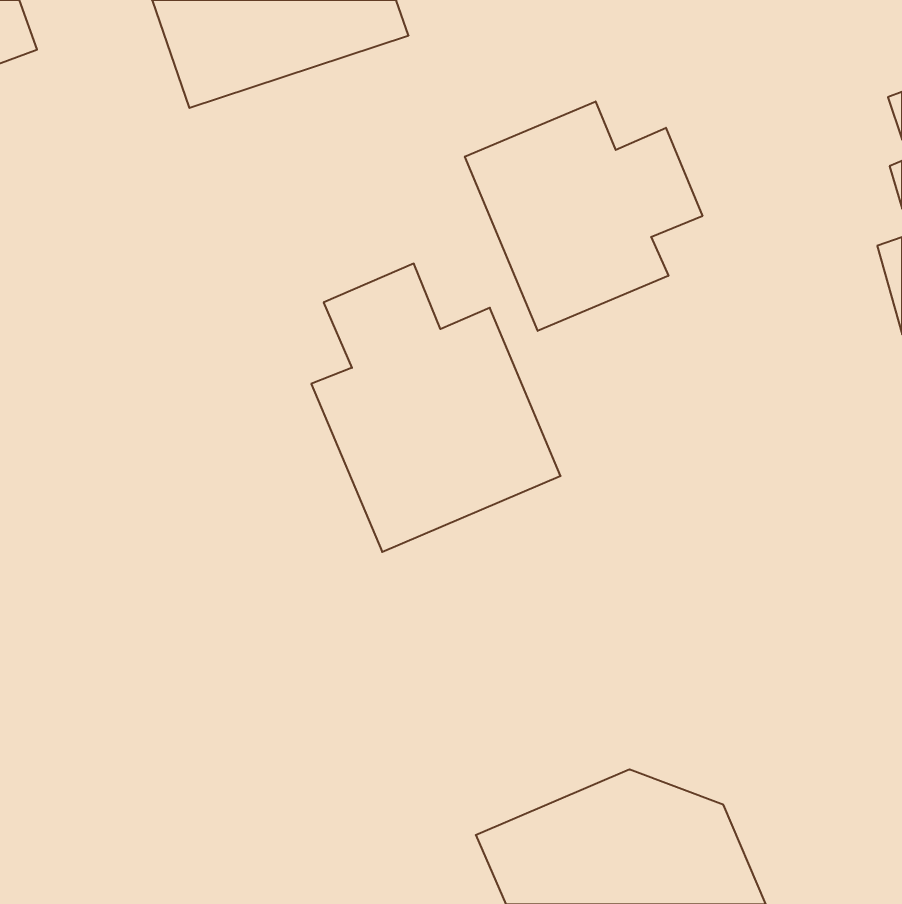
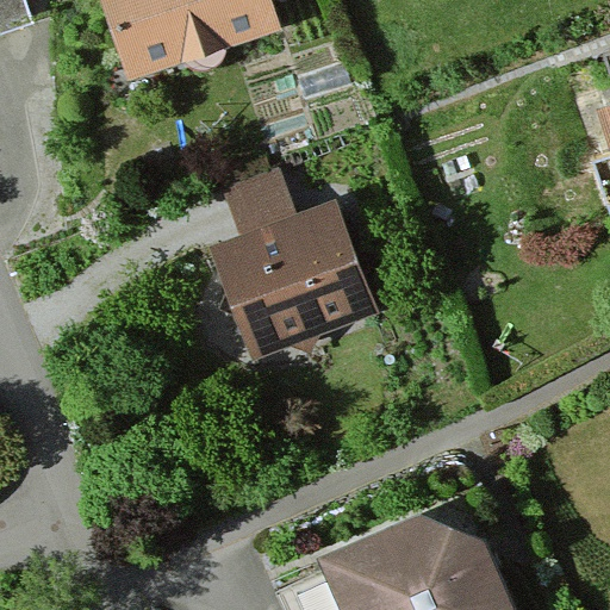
building: [465,101,702,331] -> none

